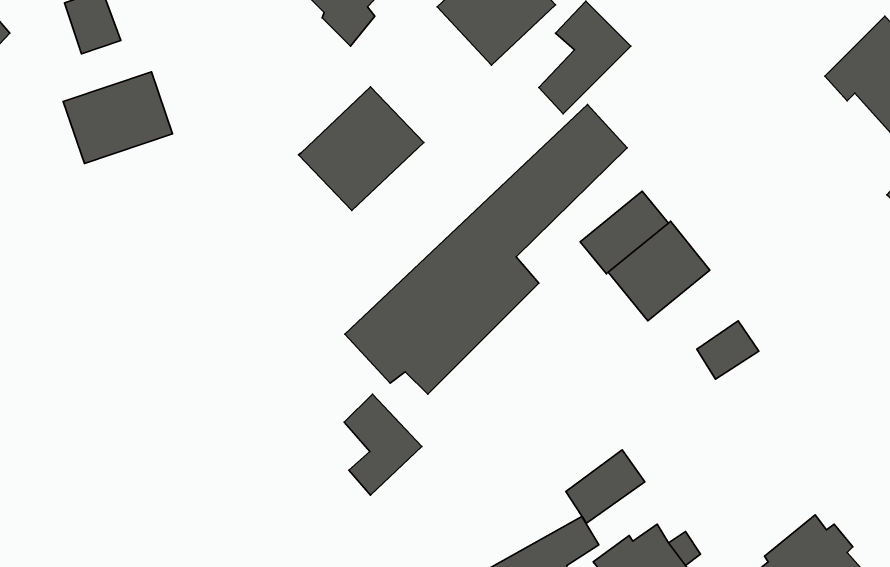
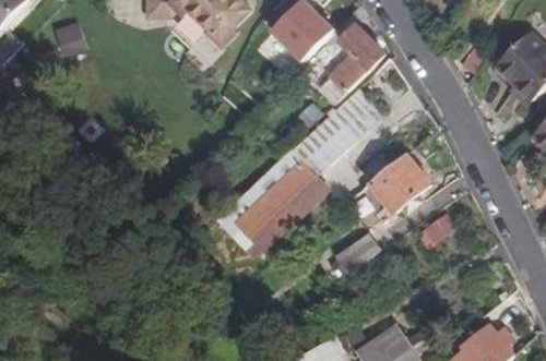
building: [63,72,173,163] -> none
building: [299,87,424,211] -> none
building: [344,394,422,495] -> none
building: [566,450,645,523] -> [335,231,381,274]

